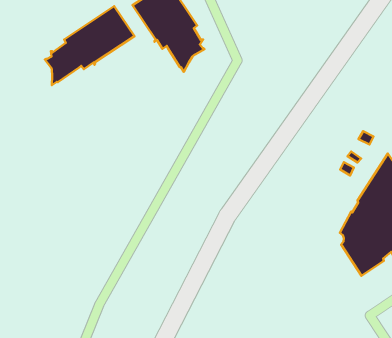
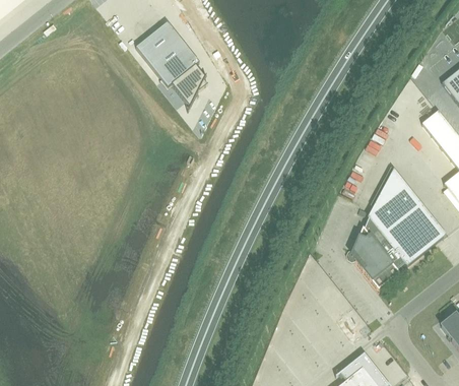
building: [45,6,135,85] -> none

